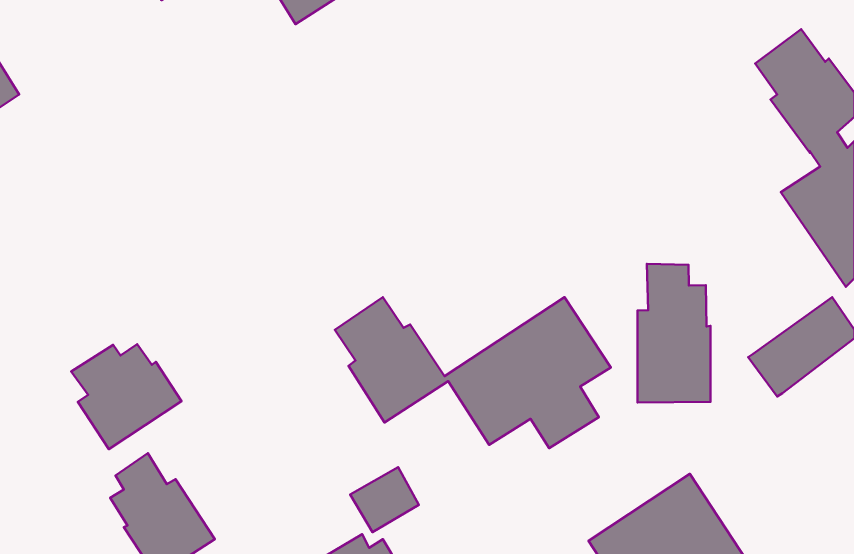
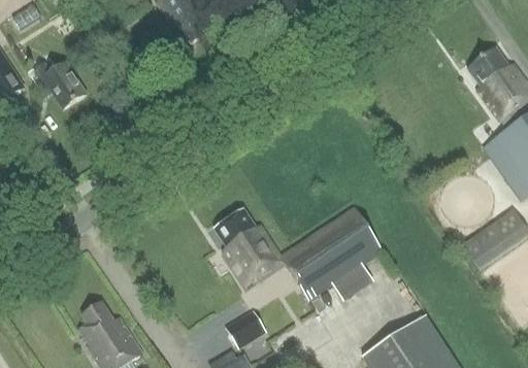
building: none -> [35,63,87,110]
building: [637,264,710,402] -> none
building: [71,344,181,449] -> none

